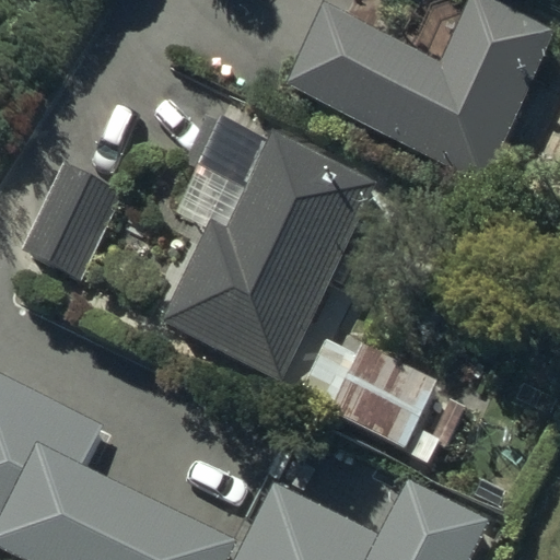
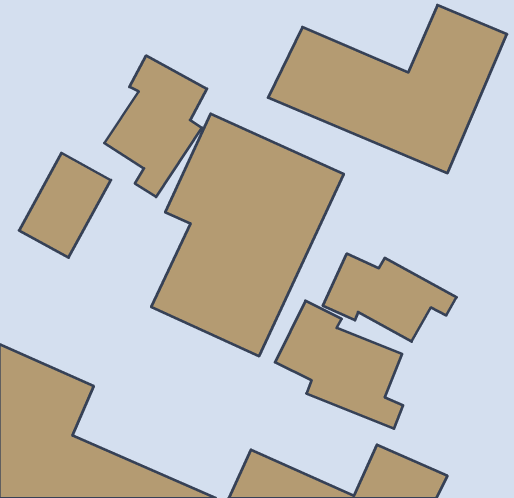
building: none -> [104,56,207,197]
building: none -> [323,254,457,342]

